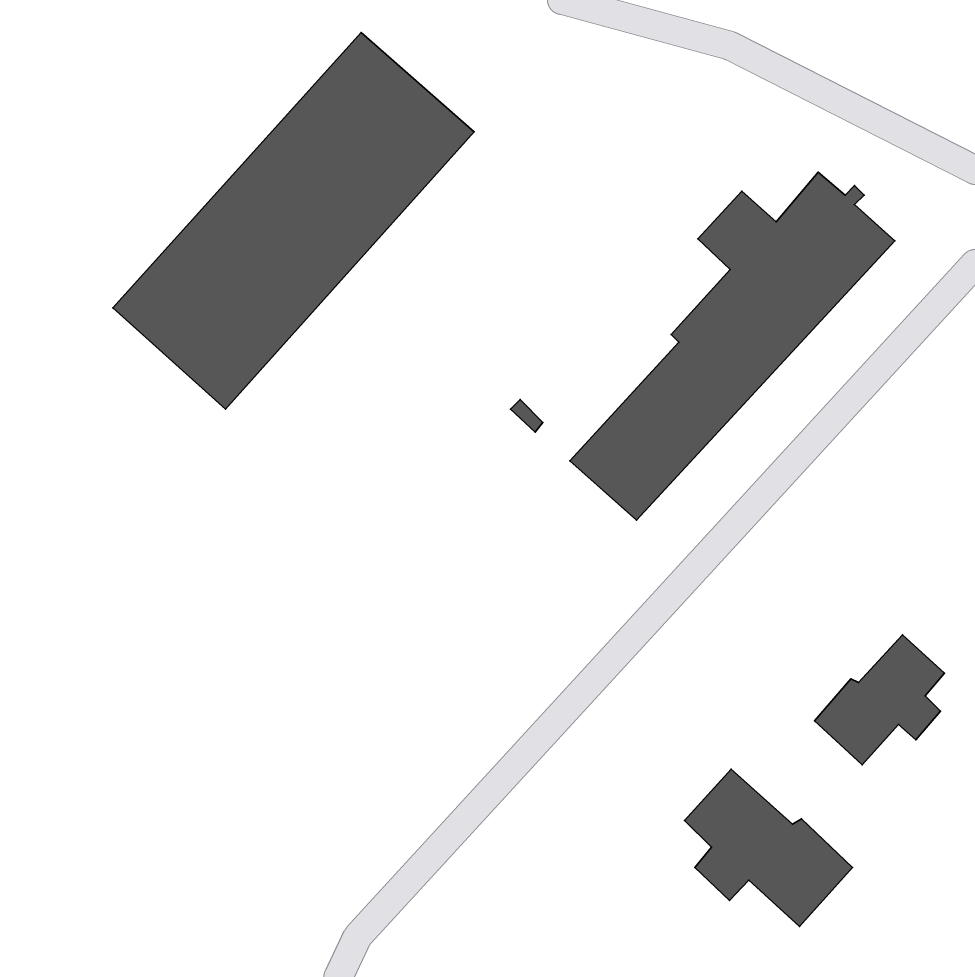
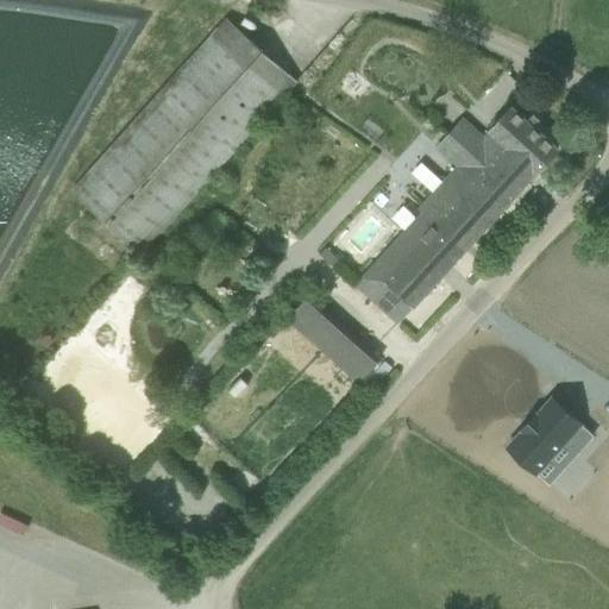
building: none -> [287,295,379,384]
building: [685,769,852,926] -> none

